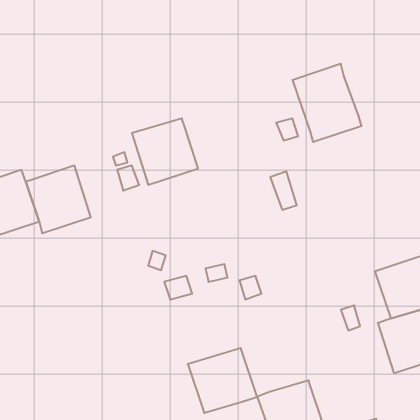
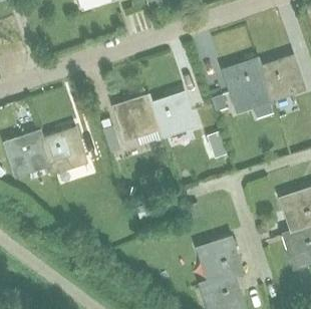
building: none -> [258,55,304,100]
building: none -> [149,91,195,137]
building: [188,348,257,413] -> [196,238,243,282]

